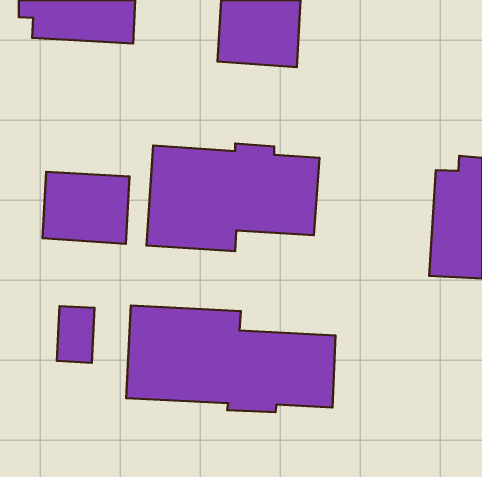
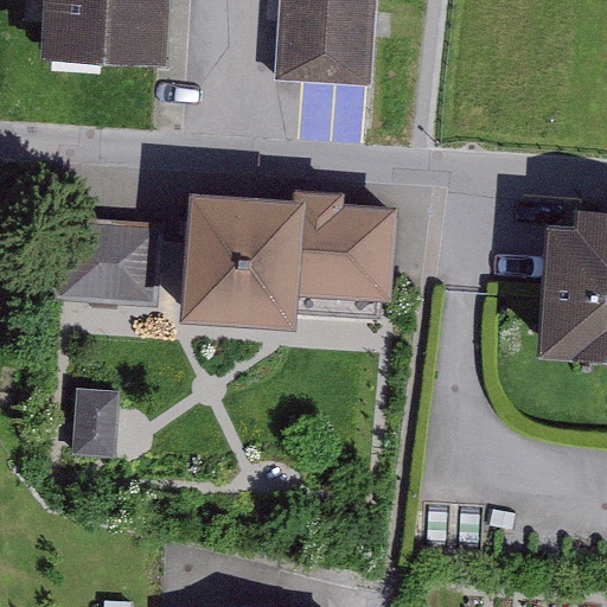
building: [126,306,335,412] -> none

